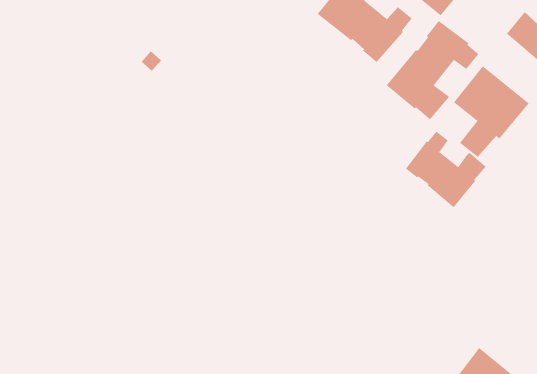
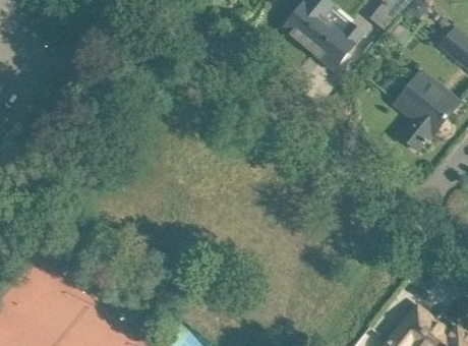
building: [386,20,479,120] -> none
building: [405,131,486,208] -> none

